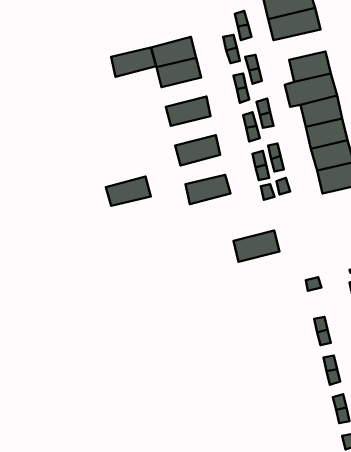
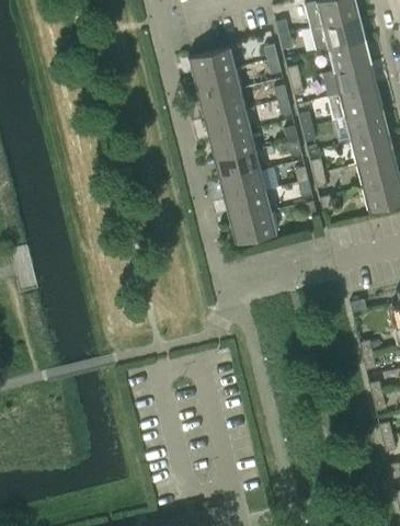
building: none -> [328,39,372,71]
building: [111,47,156,77] -> [199,90,247,121]
building: none -> [209,130,256,161]
building: [106,177,151,206] -> [219,171,266,202]
building: [233,231,279,262] -> [229,211,277,244]

